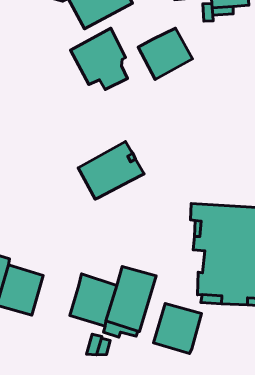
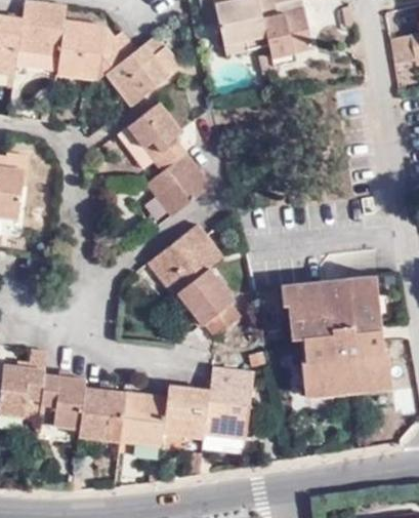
building: [138,28,193,79] -> [149,155,212,216]
building: none -> [174,271,238,340]
building: none -> [119,393,167,446]
building: [154,304,201,354] -> none

